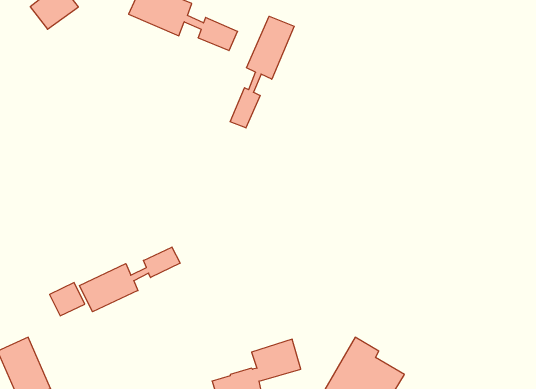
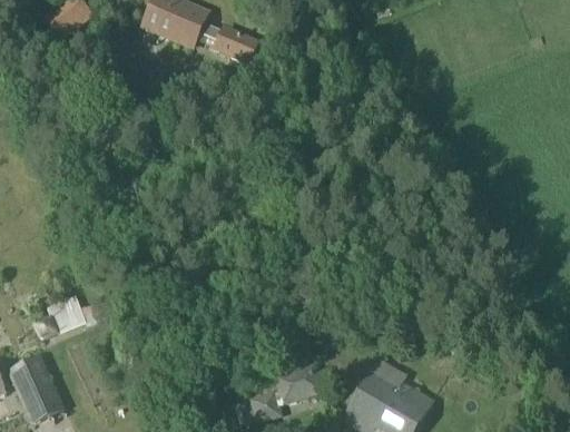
building: [230,16,294,128] -> none
building: [80,247,180,312] -> none

